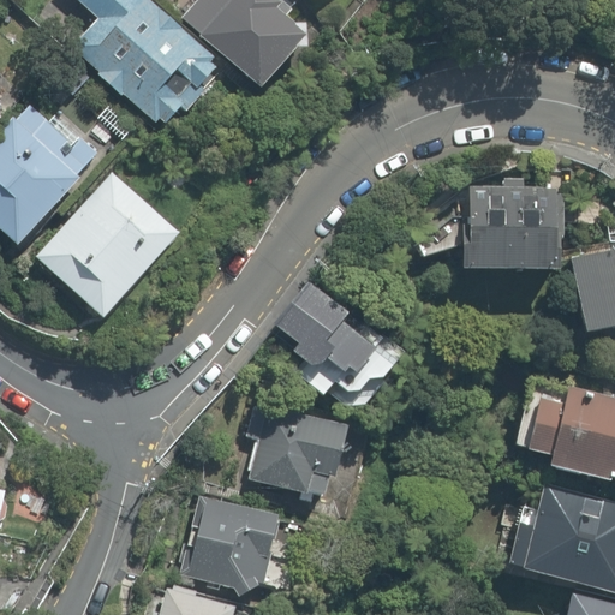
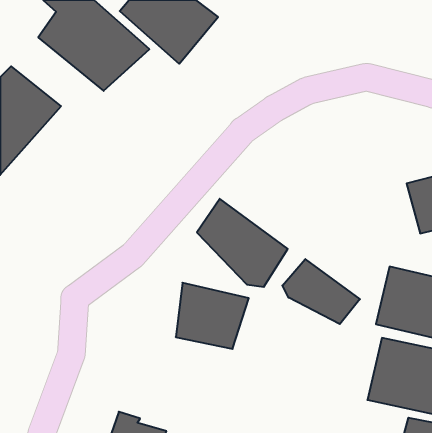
building: [26,174,169,317] -> none
building: [466,184,574,271] -> none
building: none -> [282,259,360,324]
building: [180,496,288,597] -> none

